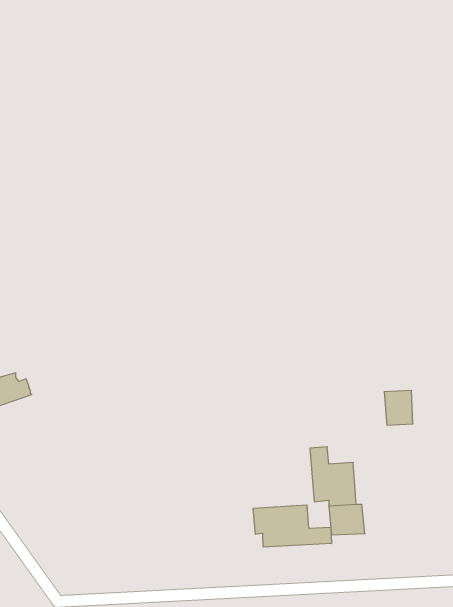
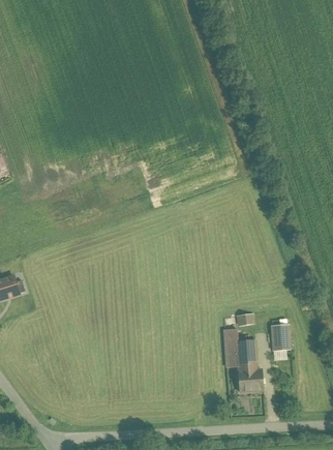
building: [384,391,413,425] -> [272,325,293,350]
building: [253,505,332,547] -> none

